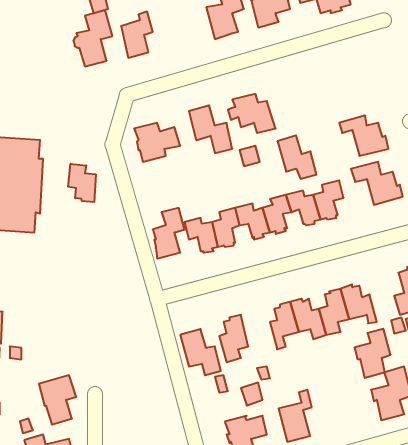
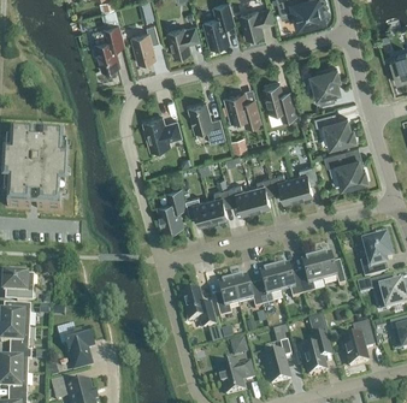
building: none -> [166,25,199,55]
building: none -> [311,67,338,103]
building: [277,135,316,179] -> [263,82,295,118]
building: [68,164,96,202] -> none
building: none -> [231,274,261,307]
building: [354,329,391,378] -> [300,333,330,374]

